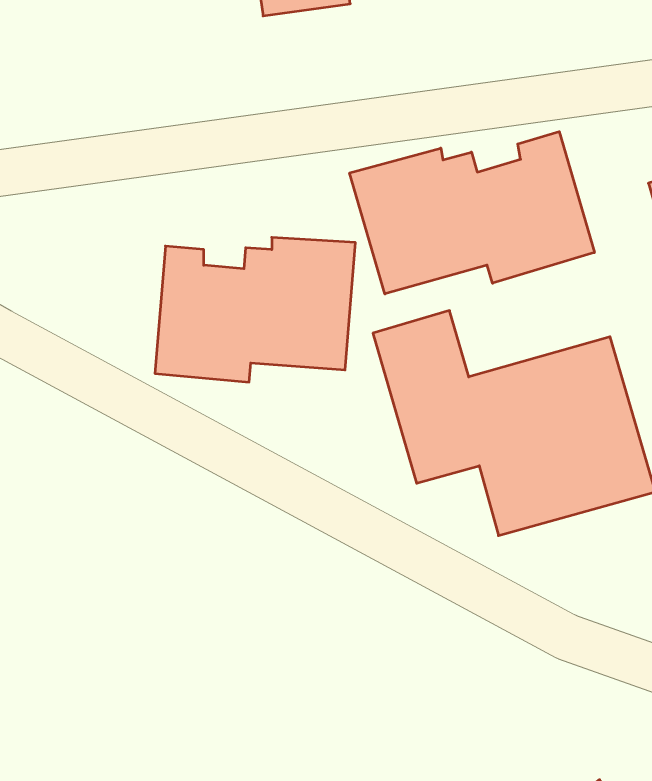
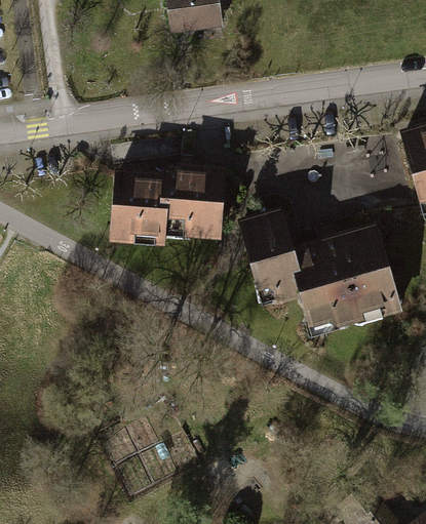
building: [350,132,594,294] -> none

